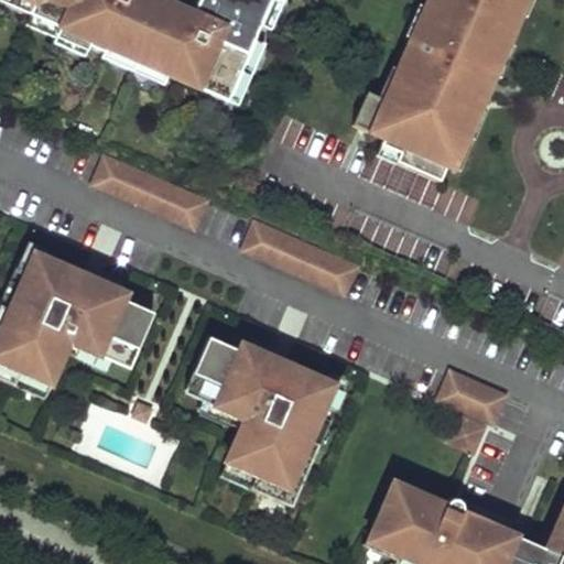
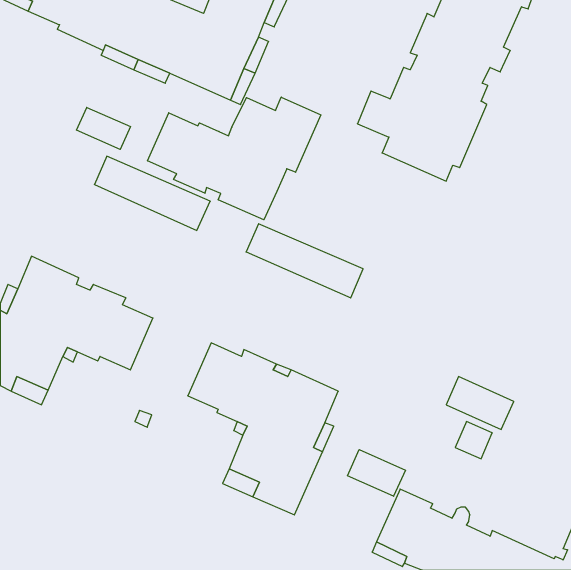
building: none -> [148,97,321,220]
building: none -> [77,107,130,149]
building: none -> [347,450,406,496]

